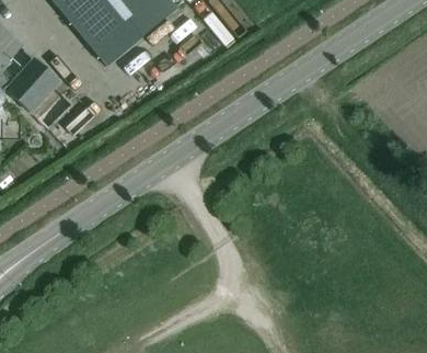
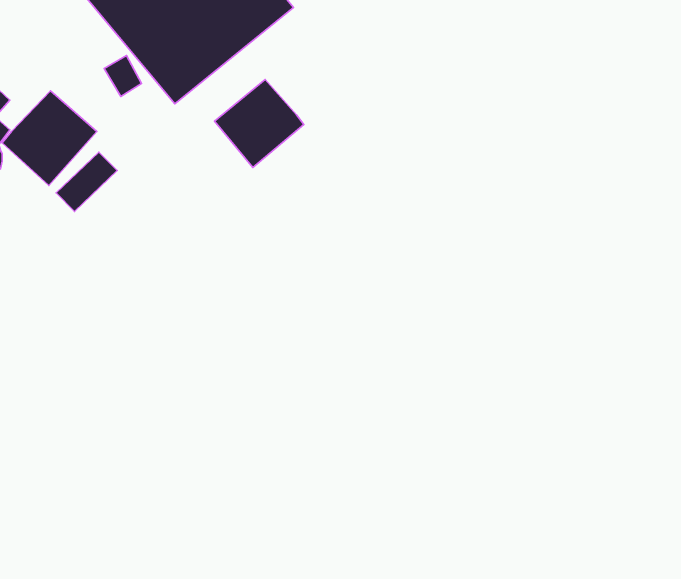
building: none -> [214,80,304,168]

